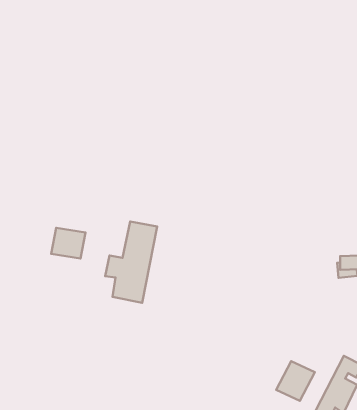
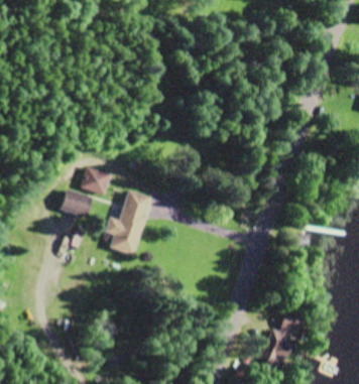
building: none -> [83,167,111,196]
building: [276,361,315,401] -> none

